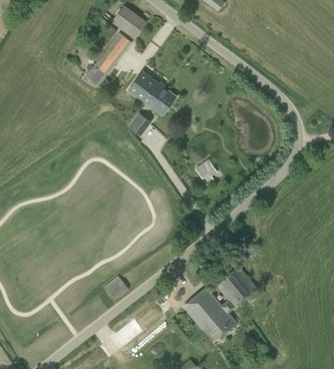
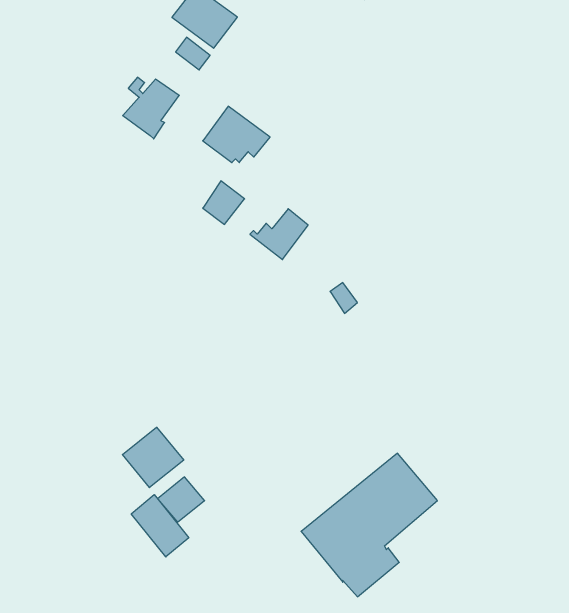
building: [144,87,177,115] -> [250,209,308,260]
building: none -> [122,427,184,488]
building: none -> [131,495,189,557]

